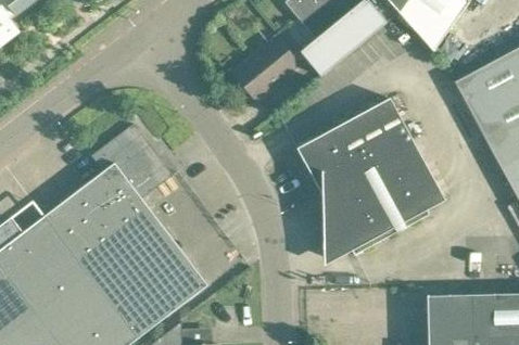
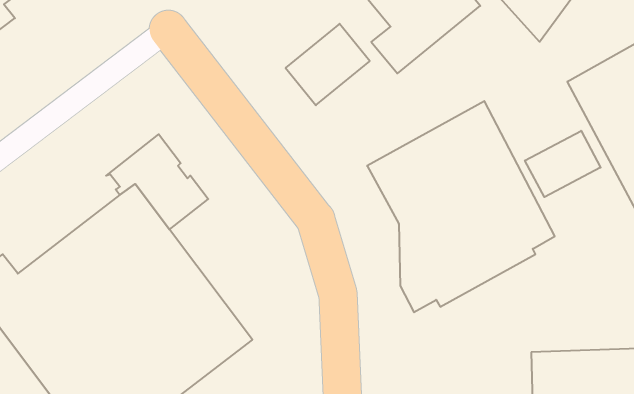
building: none -> [525,131,601,197]

